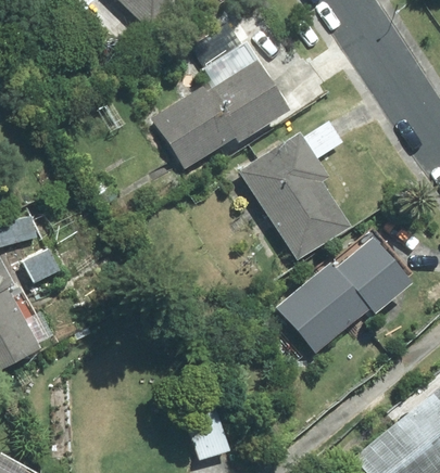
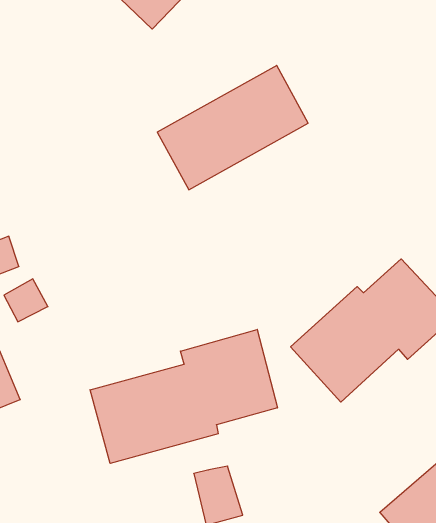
building: [240,133,347,258] -> none
building: none -> [90,329,277,463]

